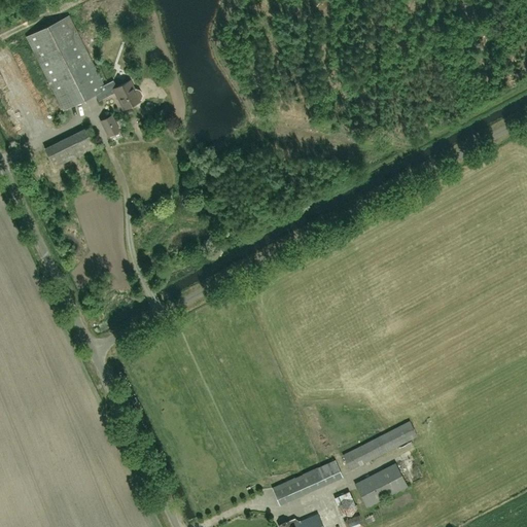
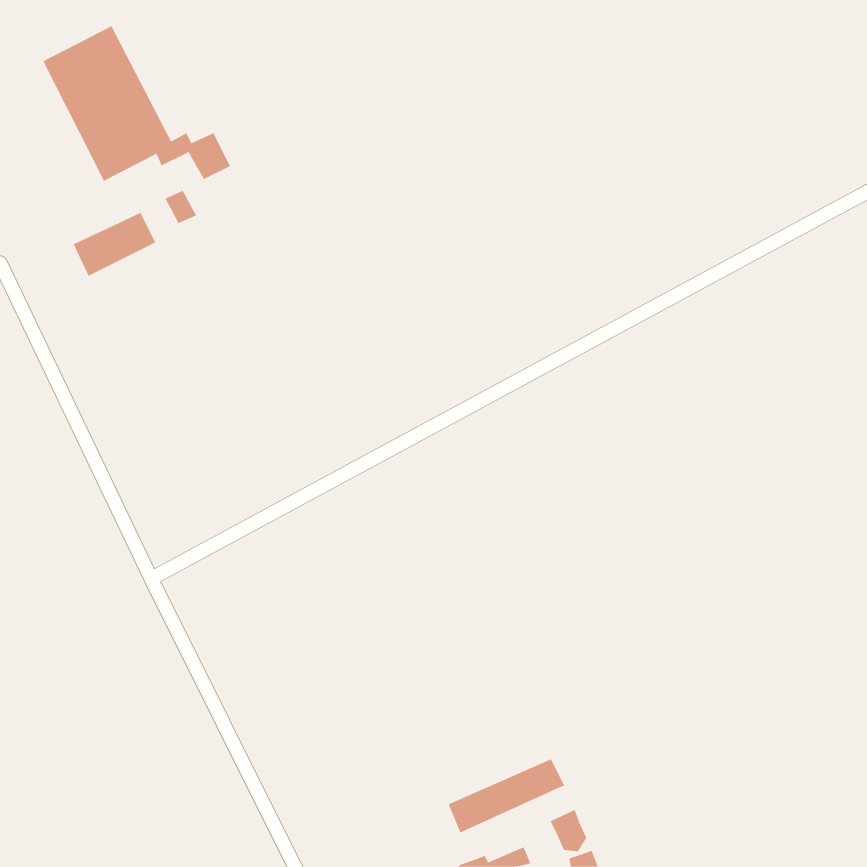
building: [343,421,417,470] -> none
building: [354,463,407,506] -> none

